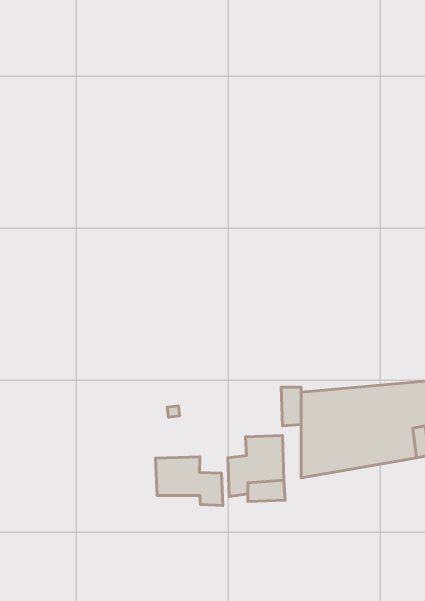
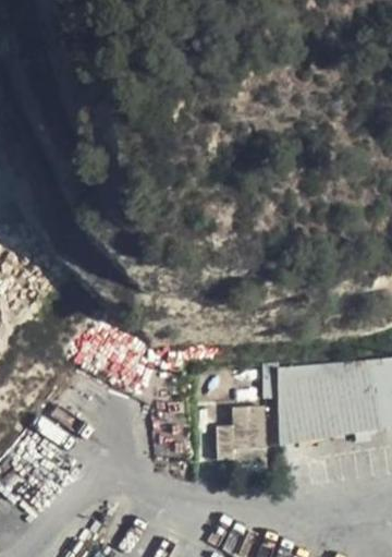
building: [156,457,223,506] -> none

